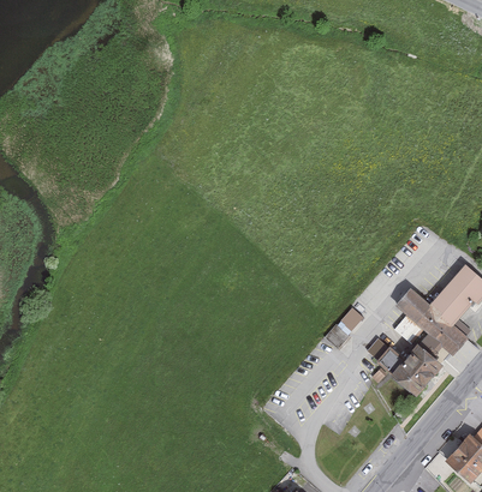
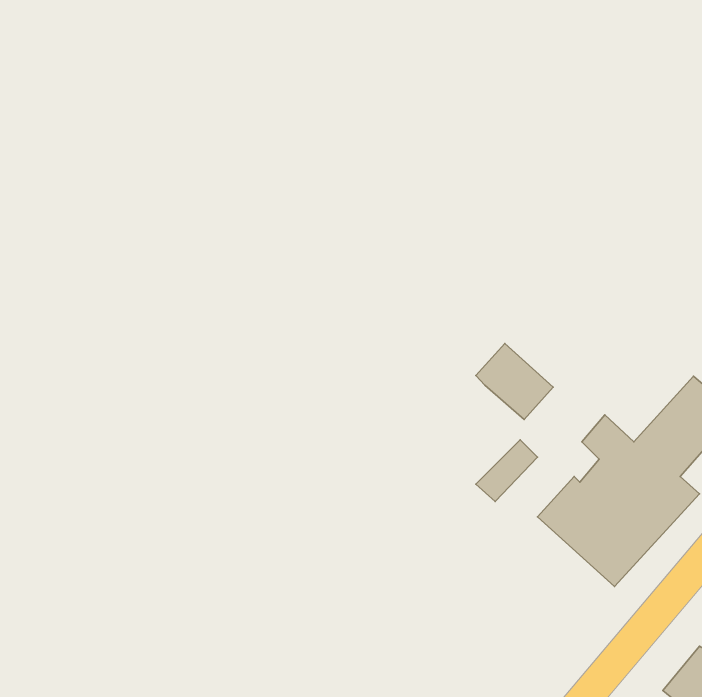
building: none -> [476,343,553,419]

